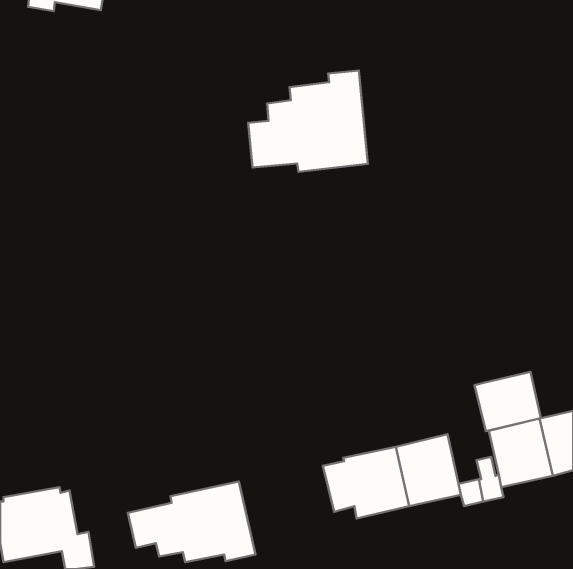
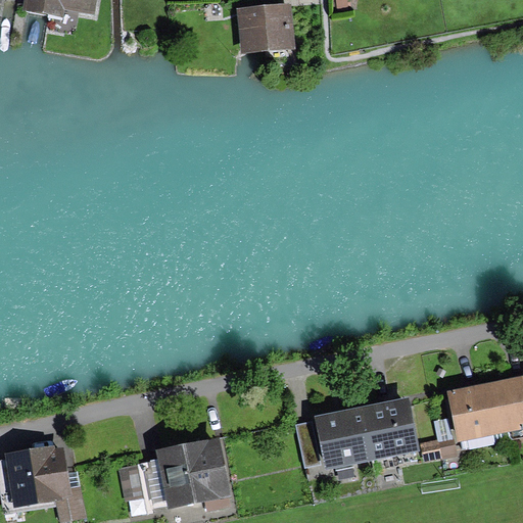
building: none -> [244,9,287,44]
building: [248,70,368,172] -> none
building: [475,372,541,431] -> none

